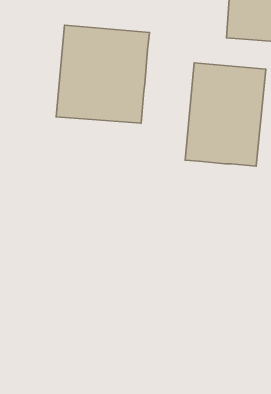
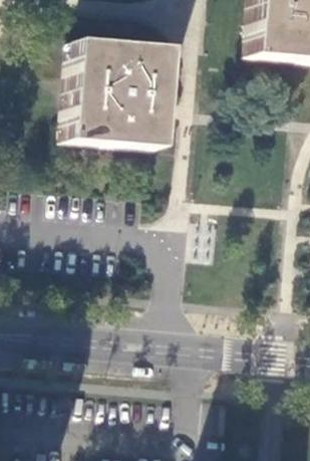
building: [185,63,266,166] -> none

